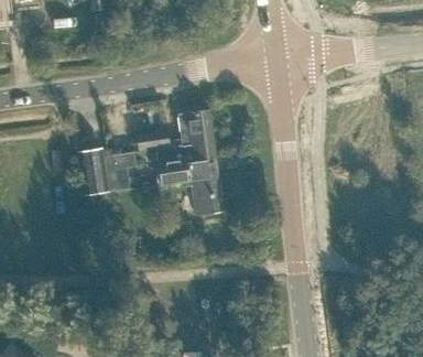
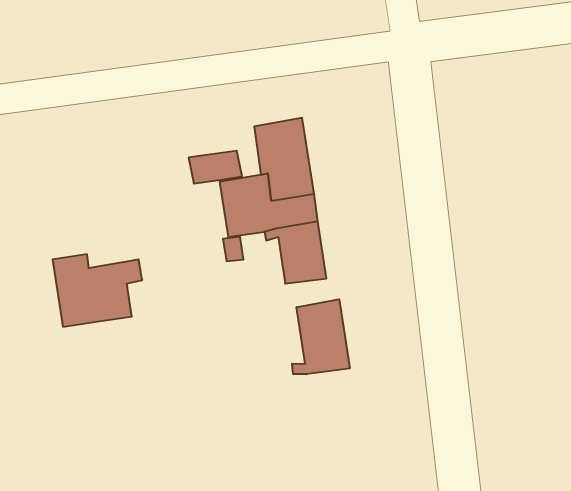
building: [78,150,135,196] -> [53,254,142,327]
building: none -> [292,299,350,374]

